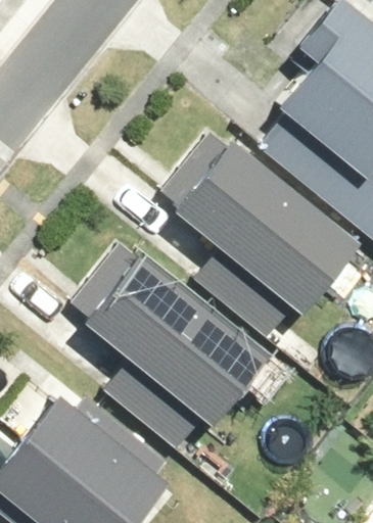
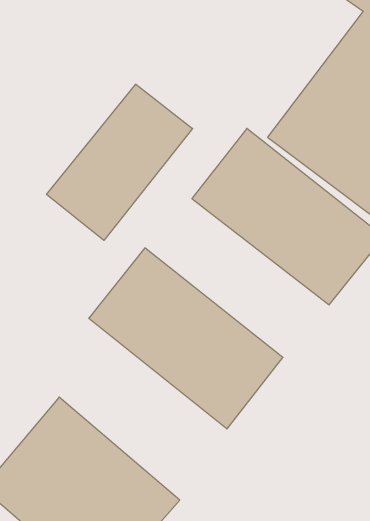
building: none -> [47,84,193,240]

